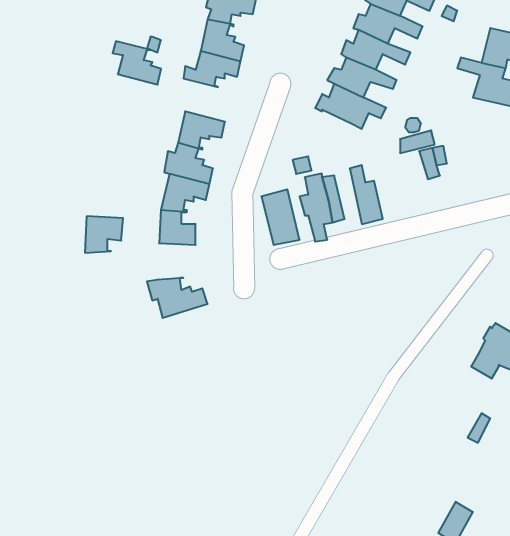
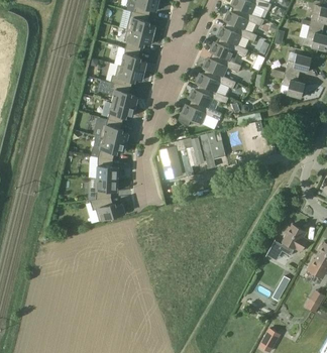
building: [113,41,161,85] -> [108,82,136,107]
building: none -> [180,100,221,125]
building: [85,216,123,253] -> [95,178,117,199]

